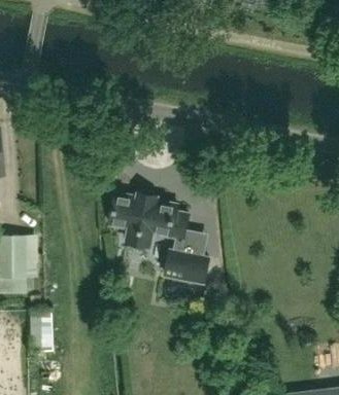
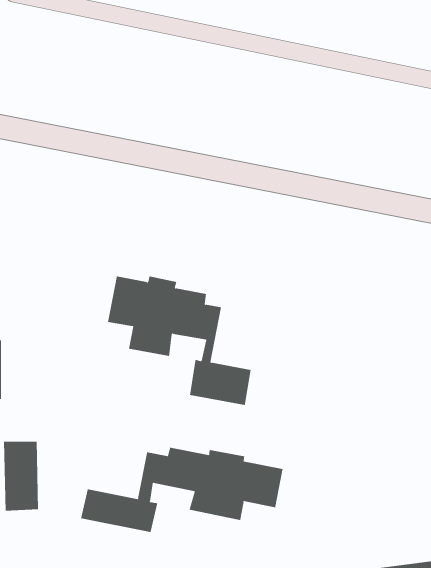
building: none -> [80,447,283,533]

